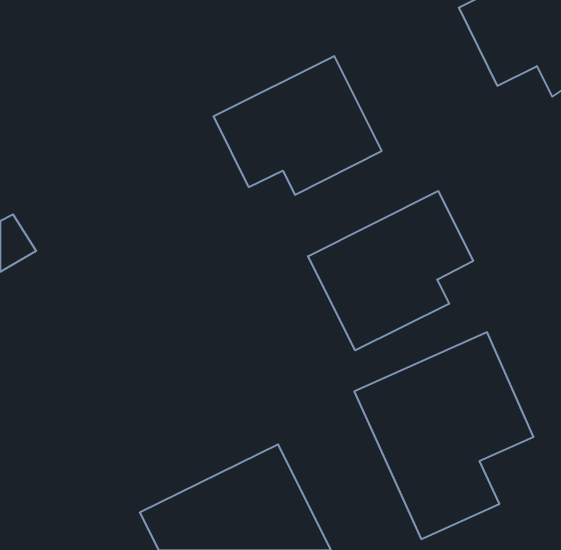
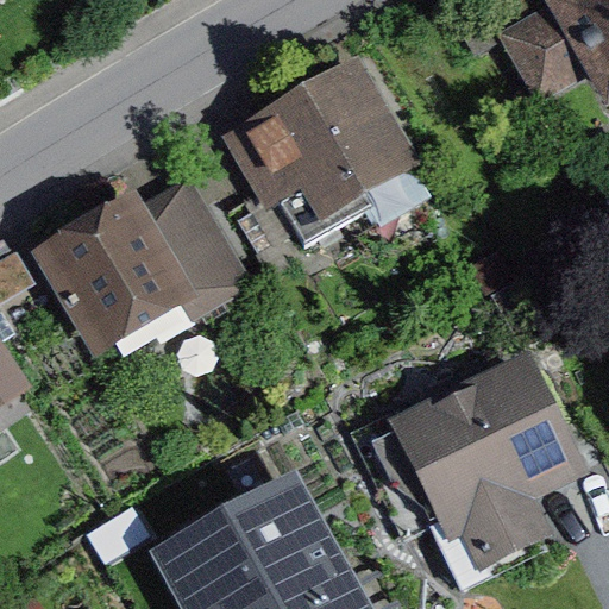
building: none -> [37,174,239,354]
building: [308,191,473,350] -> none

